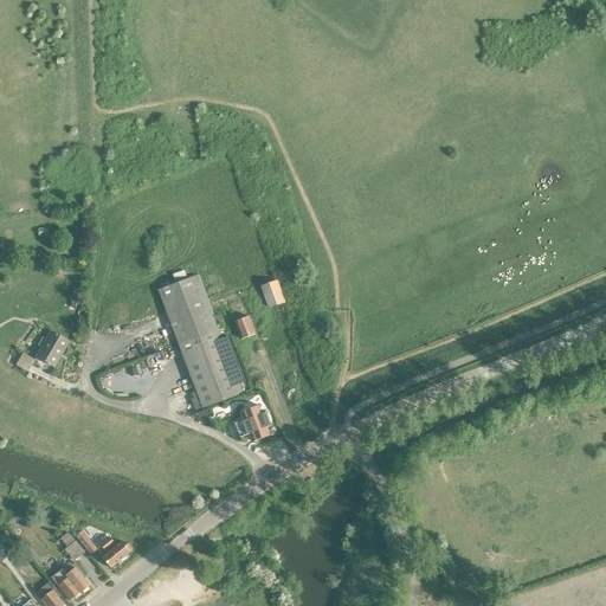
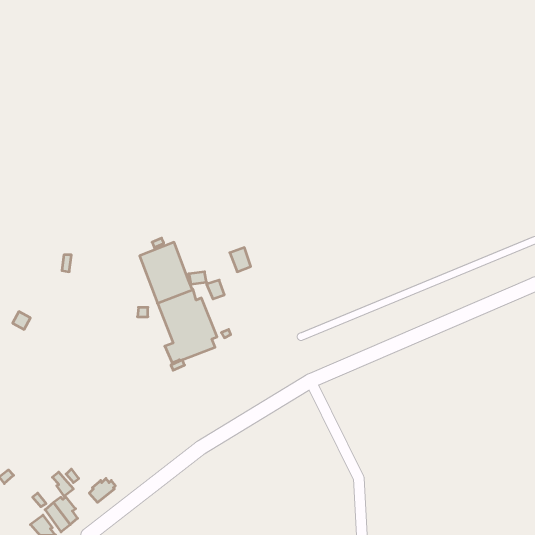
building: [36,330,67,366] -> none
building: [233,404,270,440] -> none

